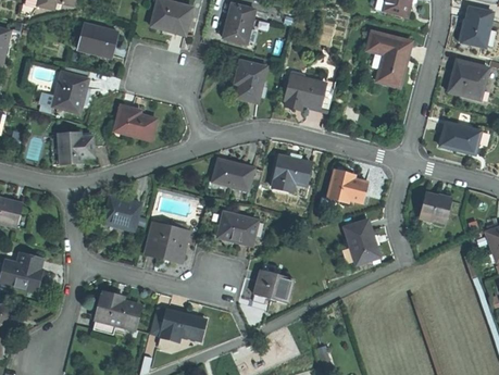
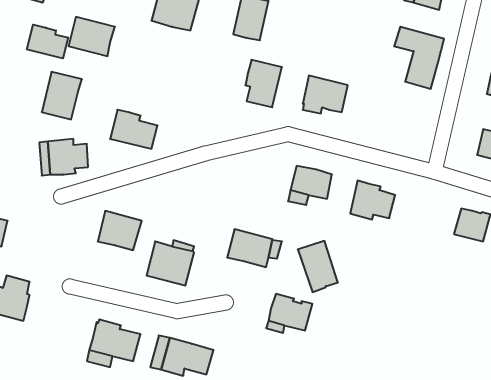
building: none -> [27,25,68,58]
building: [212,159,254,191] -> none
building: [344,220,379,265] -> [298,241,338,292]

